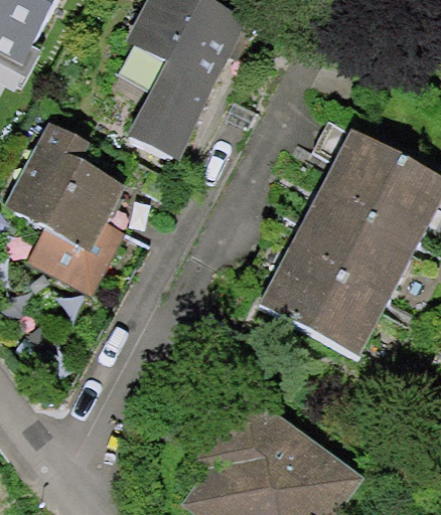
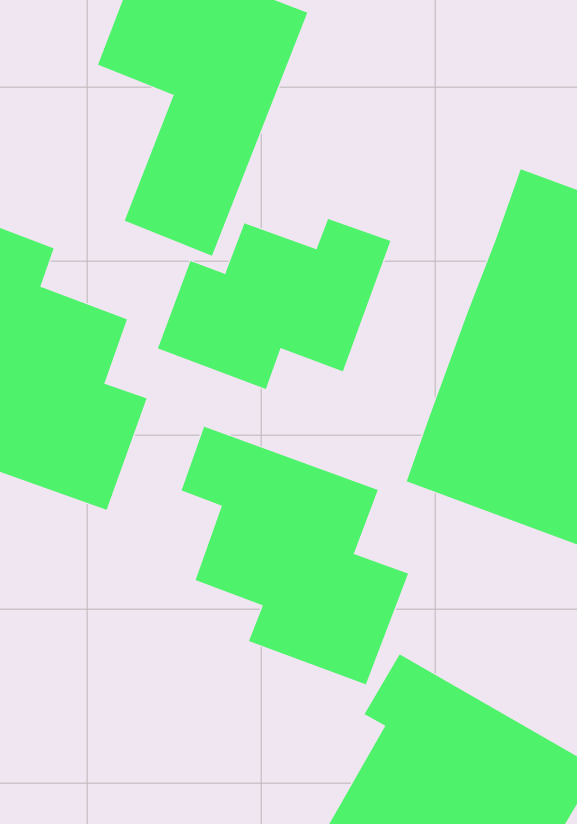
building: none -> [157,218,391,390]
building: none -> [181,426,409,685]

